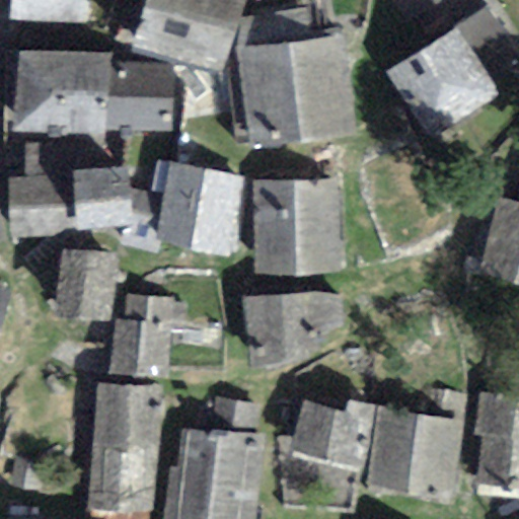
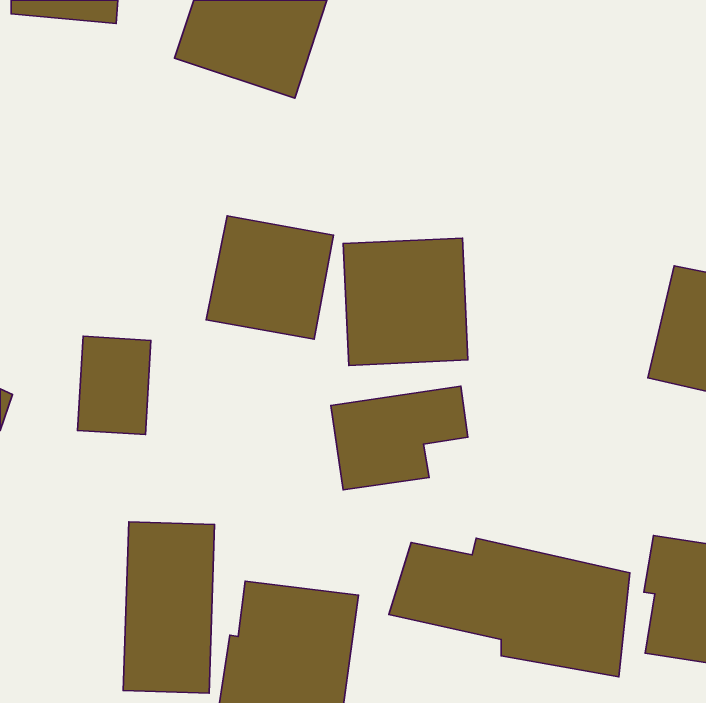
building: [385,21,499,132] -> none
building: [237,33,356,145] -> none
building: [10,46,173,135] -> none
building: [6,166,131,236] -> none
building: [109,299,186,376] -> none

